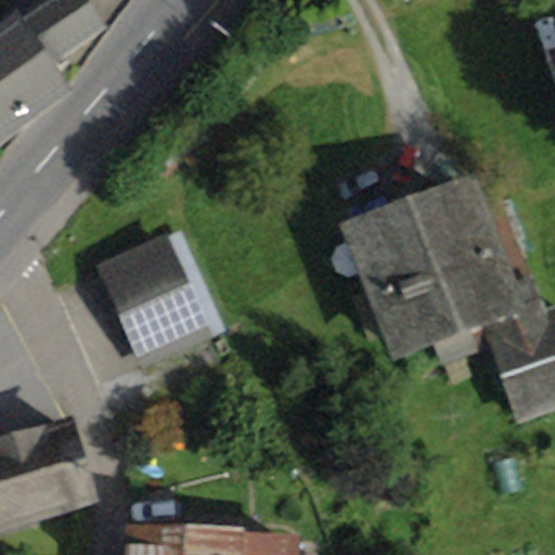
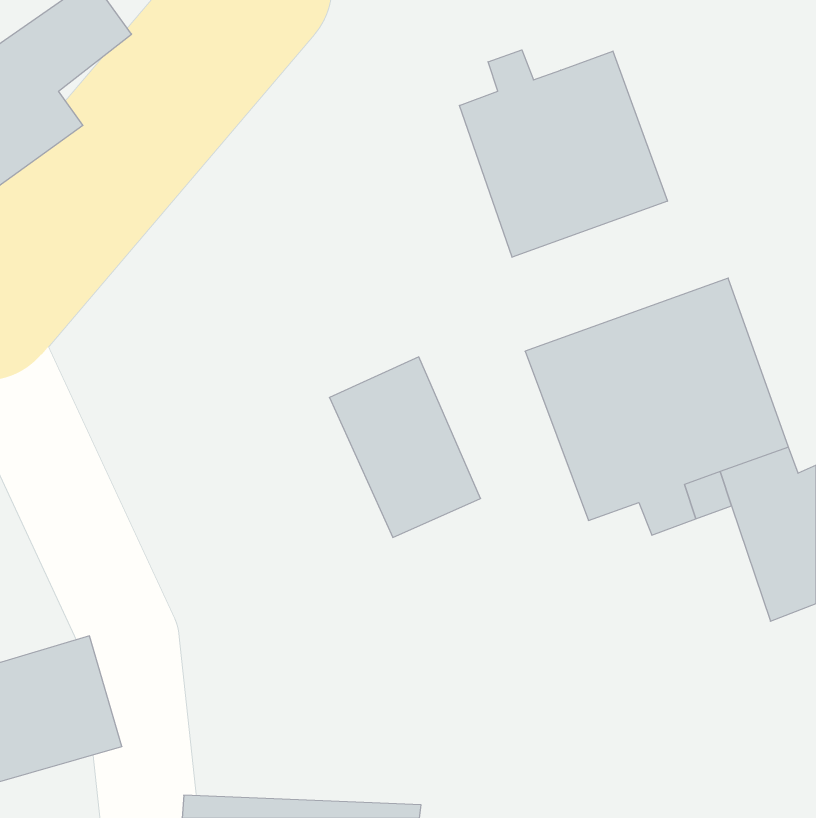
building: none -> [459,50,667,257]
building: [95,235,196,356] -> [329,357,481,537]

